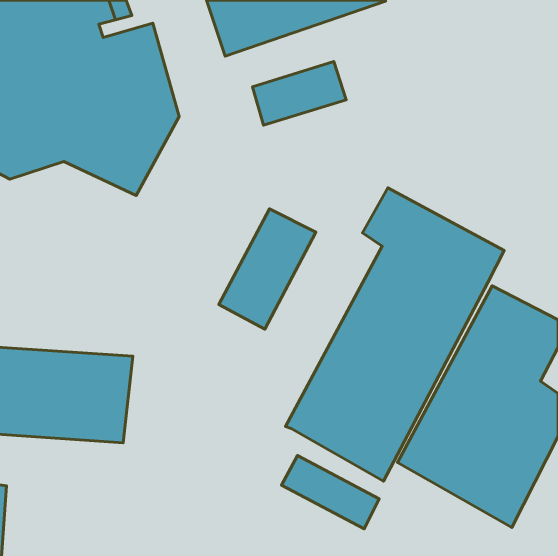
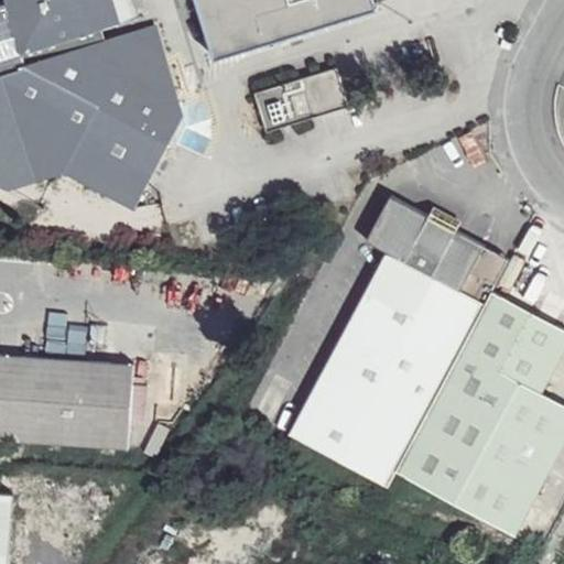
building: [219,209,316,329] -> none
building: [281,456,379,529] -> none

